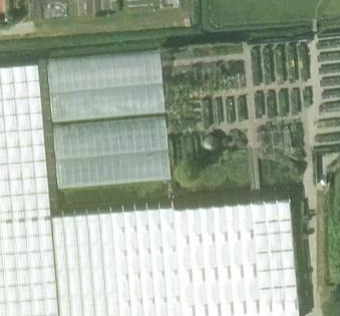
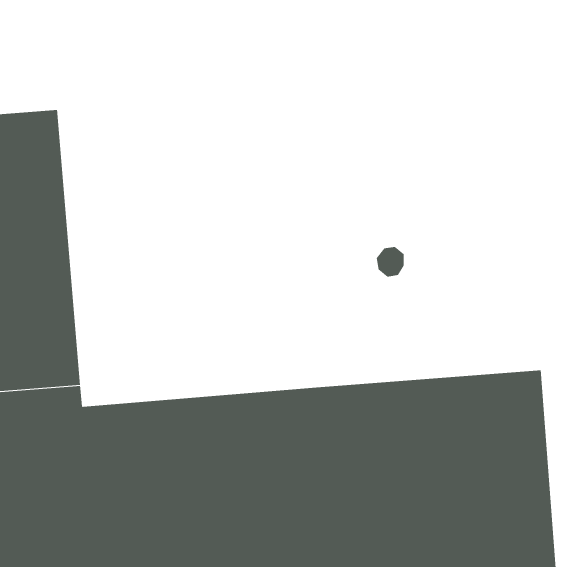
building: [46,53,164,123] -> none
building: [52,120,169,190] -> none

